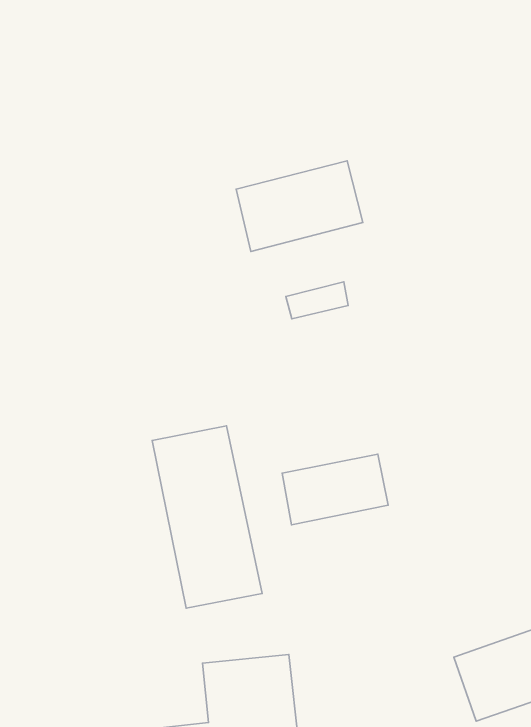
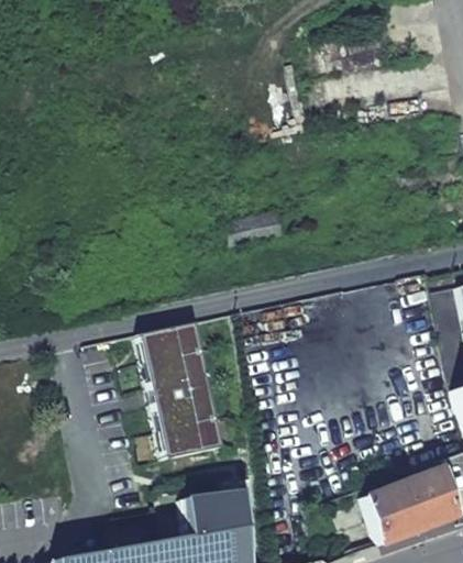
building: [236,161,363,252] -> none
building: [282,454,388,525] -> none

